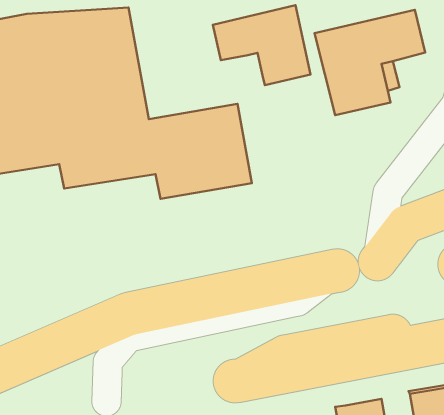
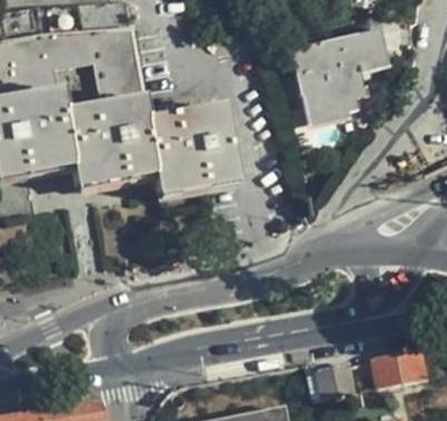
building: [213,5,311,85] -> none

